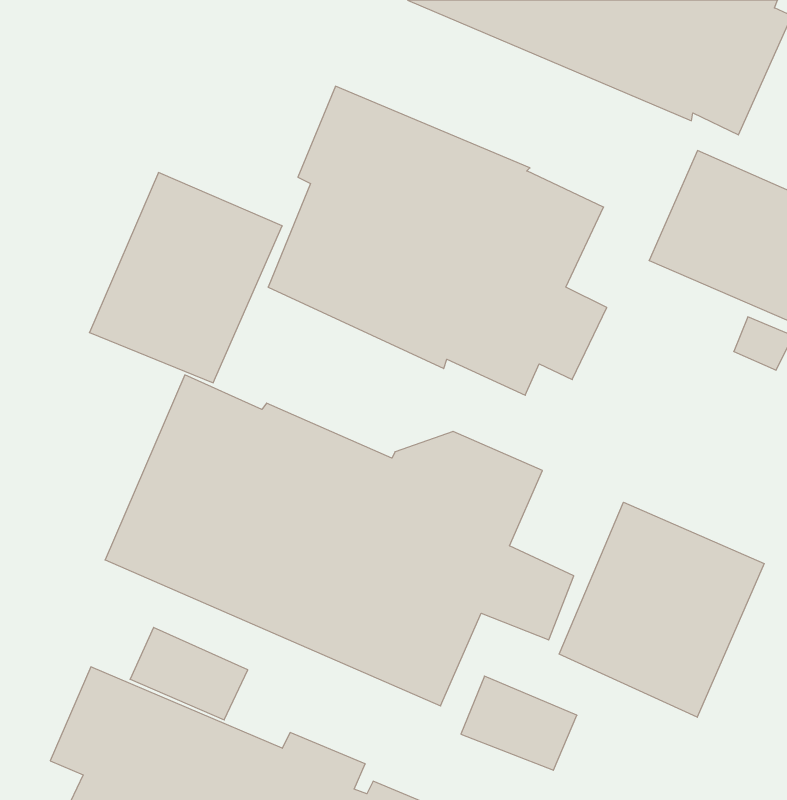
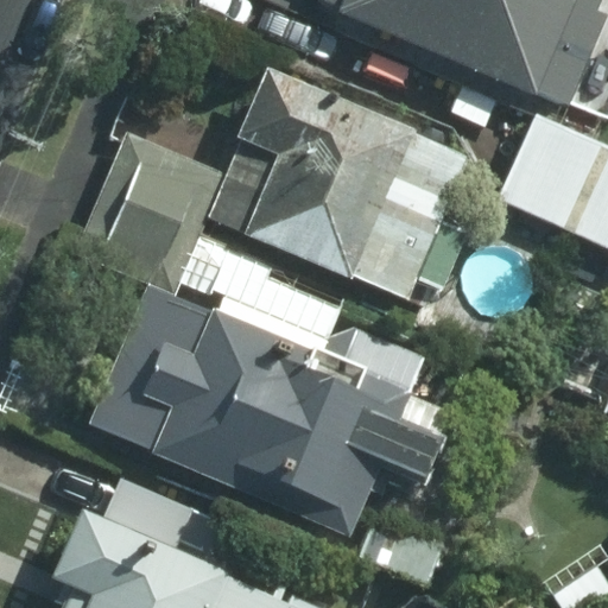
building: [559,502,764,717] -> none

